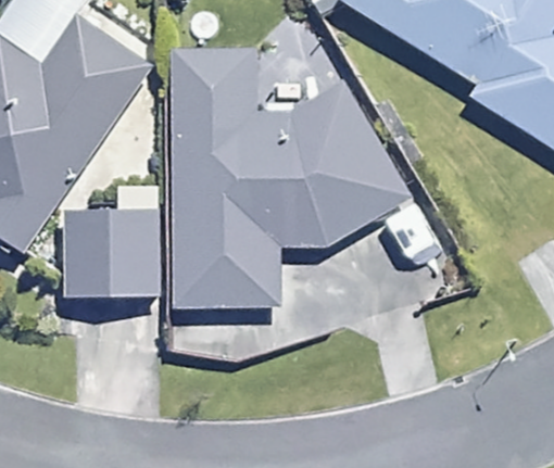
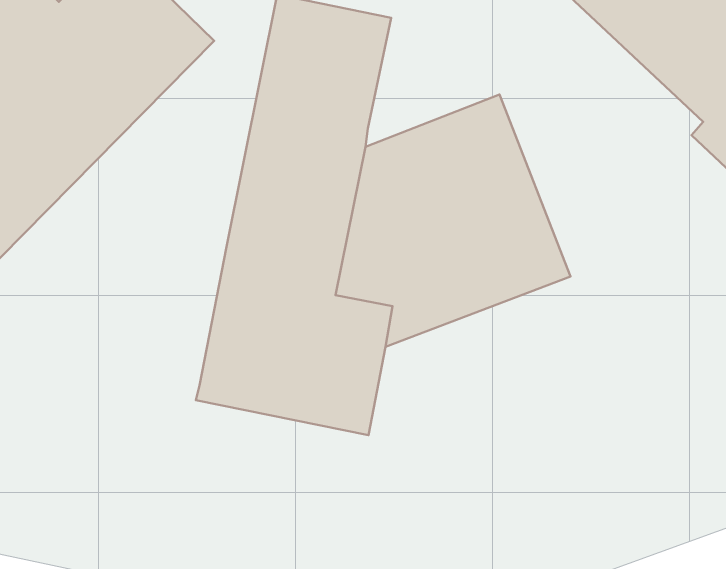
building: [71,199,175,298] -> none

